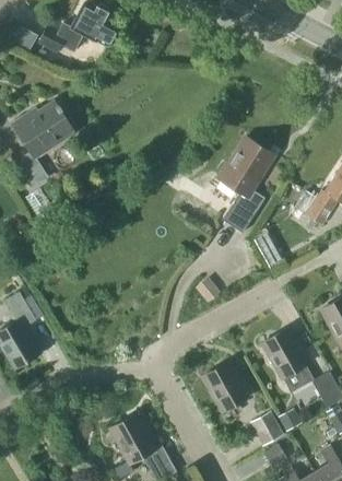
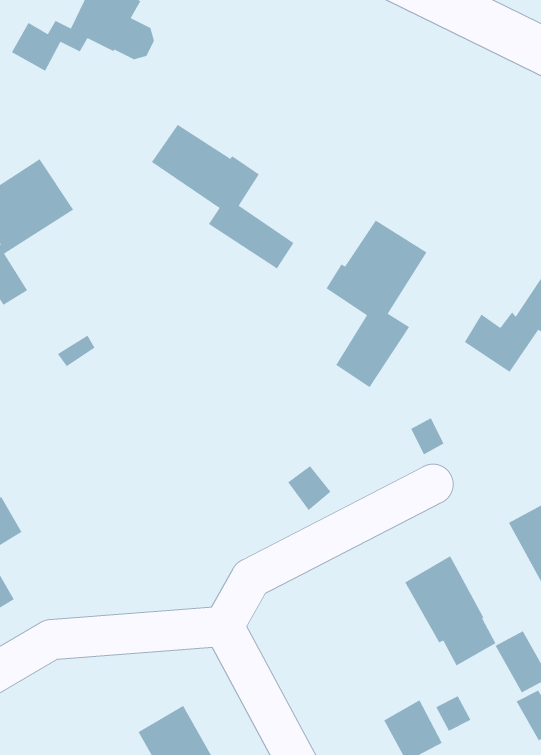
building: none -> [151,124,294,270]
building: [202,361,248,412] -> none

